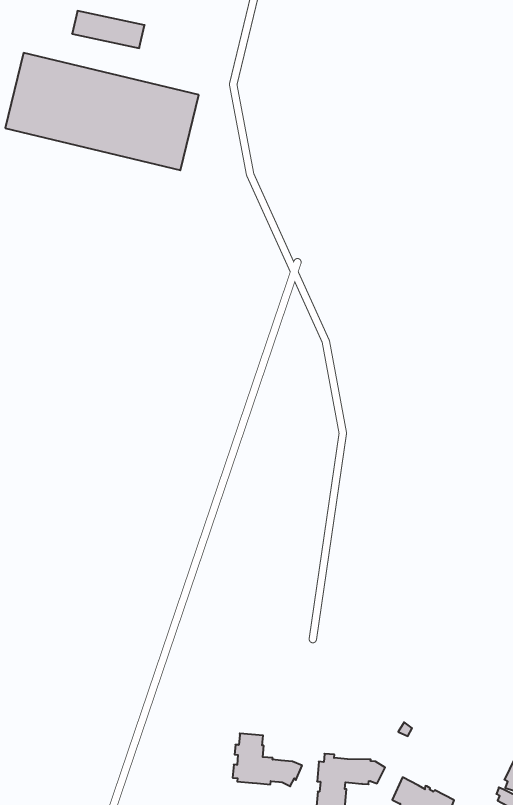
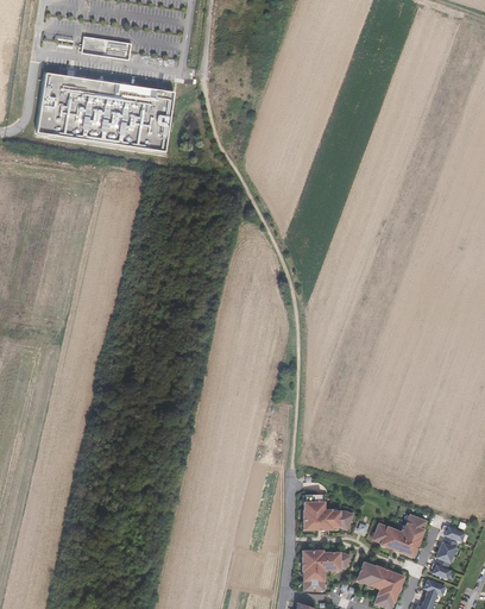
building: none -> [372,514,426,554]
building: [233,733,302,786] -> [303,494,352,528]

